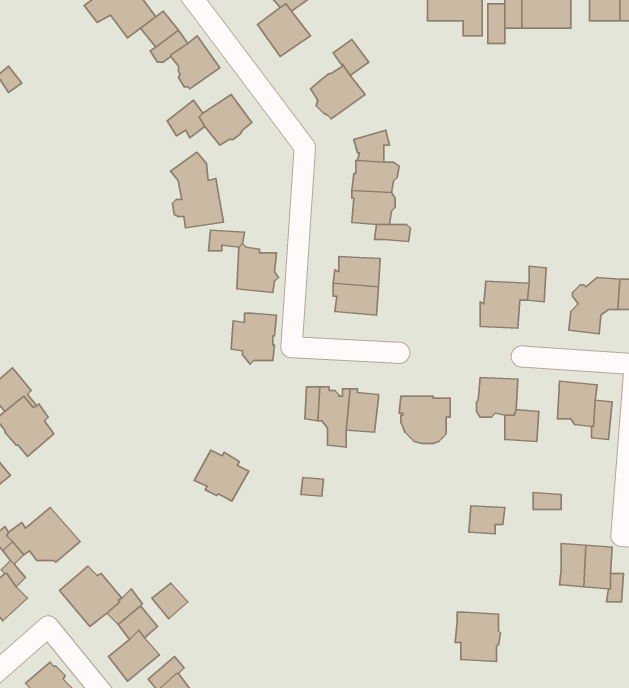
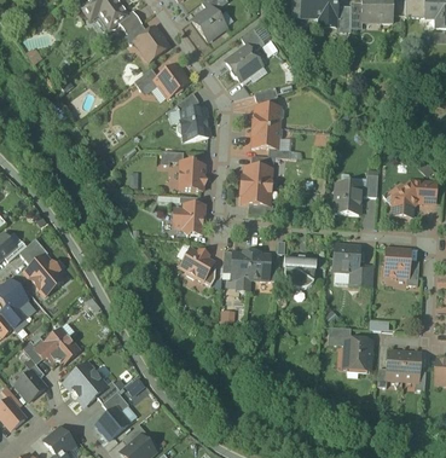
building: [171,152,223,228] -> [175,92,209,140]
building: [194,450,249,501] -> [179,249,214,282]
building: [455,612,500,661] -> [343,340,372,371]

